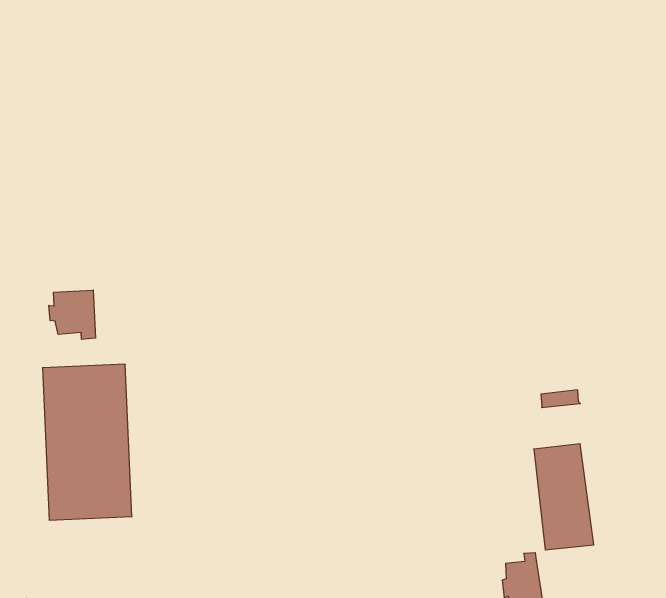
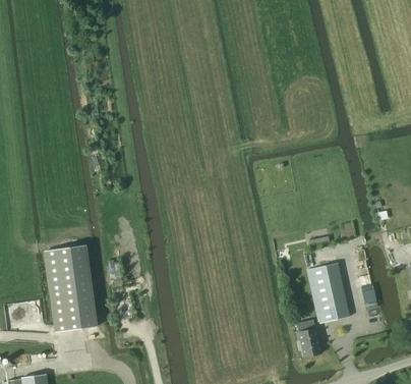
building: [49,290,95,339] -> none

